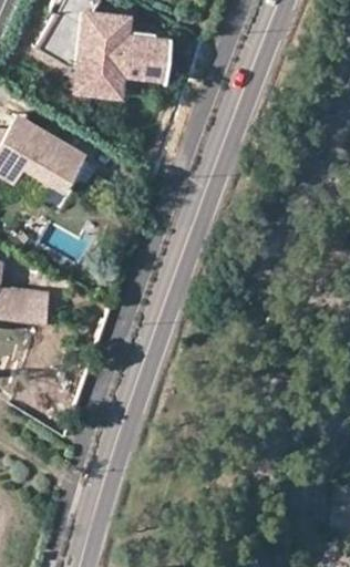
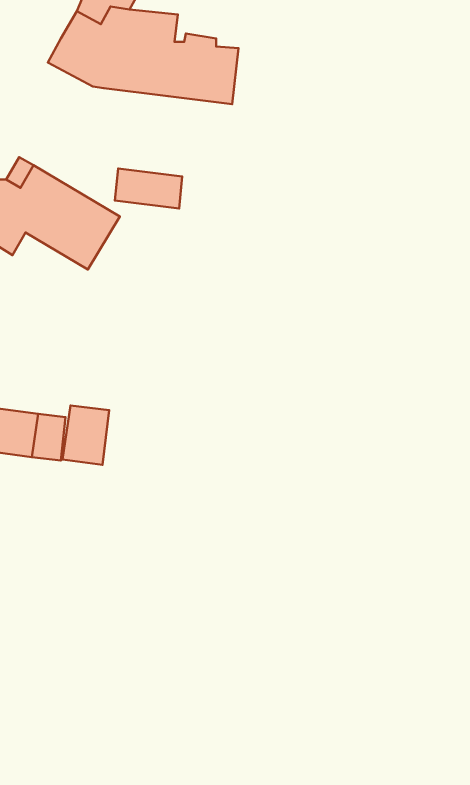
building: [74,68,121,95] -> [115,169,182,209]
building: none -> [62,405,109,465]

